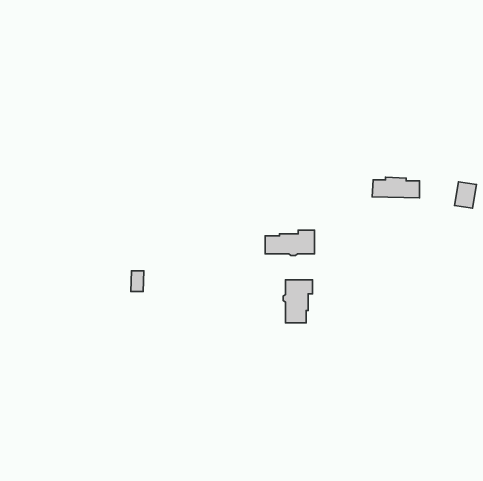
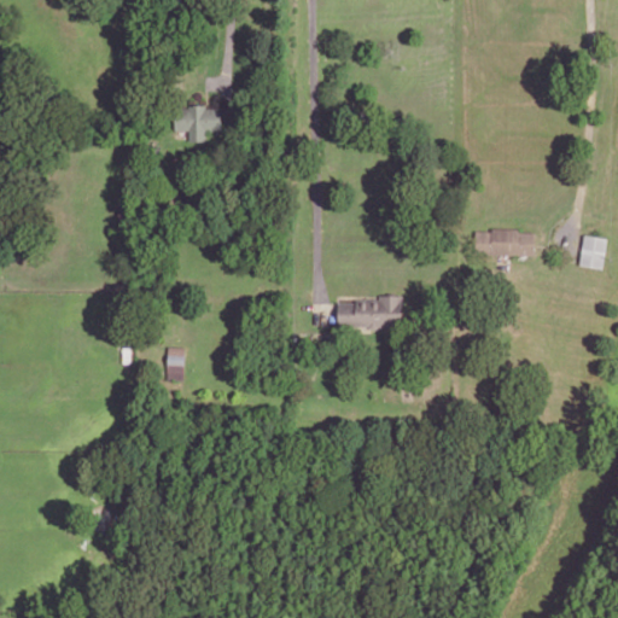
building: none -> [174,106,220,141]
building: [283,280,313,323] -> none

